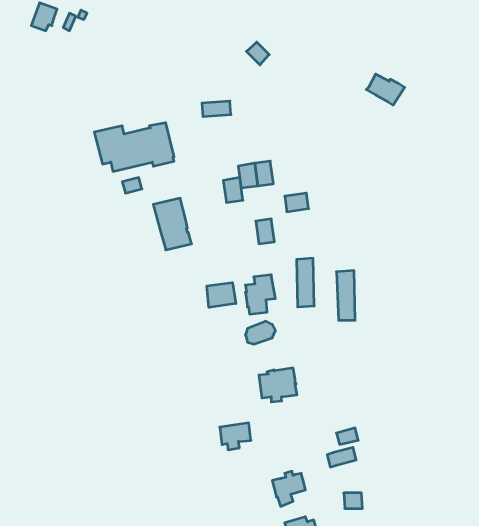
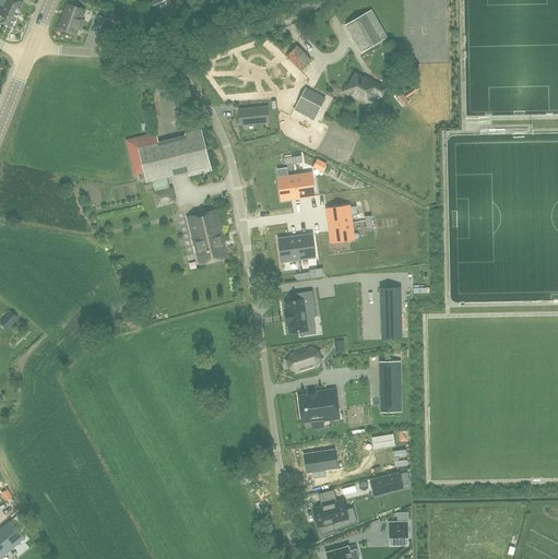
building: none -> [344,9,387,52]
building: [366,74,405,105] -> [344,74,384,107]
building: none -> [294,90,323,119]
building: [223,178,243,202] -> [277,234,298,260]
building: none -> [328,221,354,241]
building: [297,258,314,307] -> [380,360,399,412]
building: [207,283,236,307] -> none
building: [220,423,251,450] -> [308,449,341,477]

